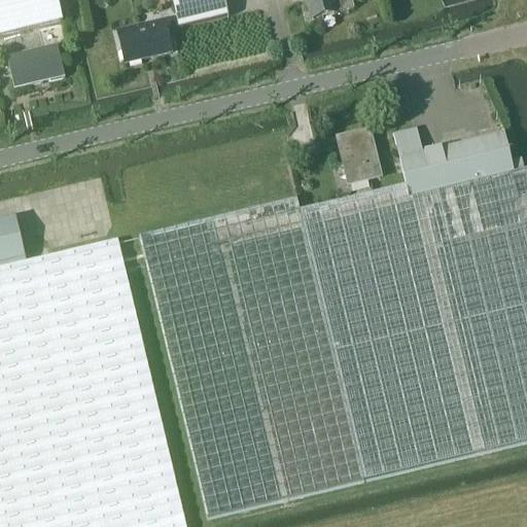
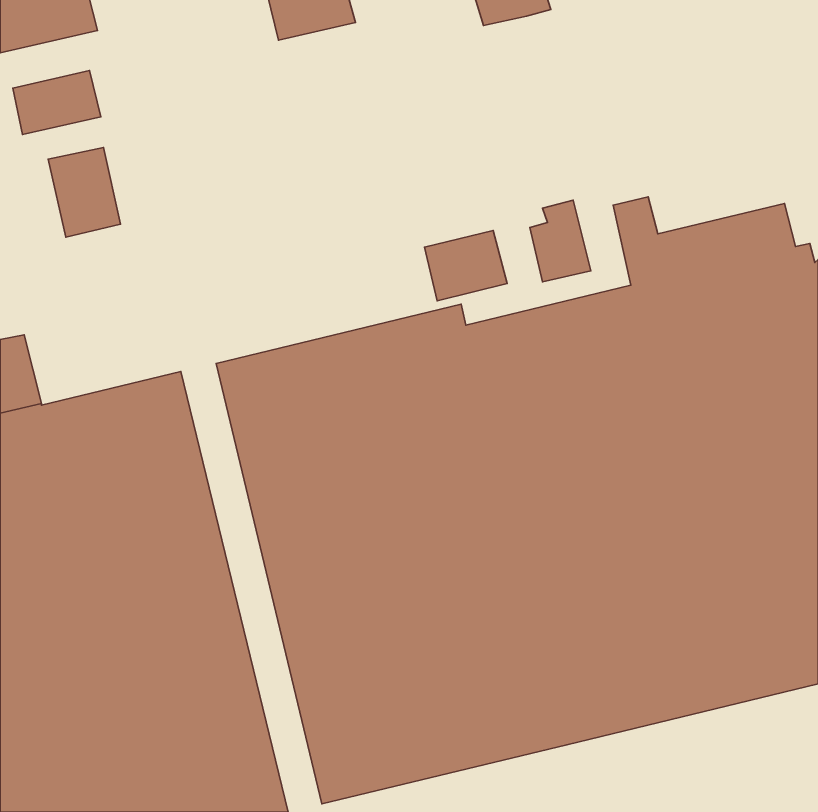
building: [117,19,171,61] -> none
building: none -> [48,148,120,237]
building: none -> [425,230,507,301]

